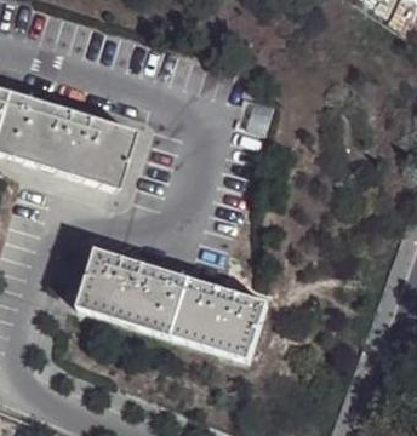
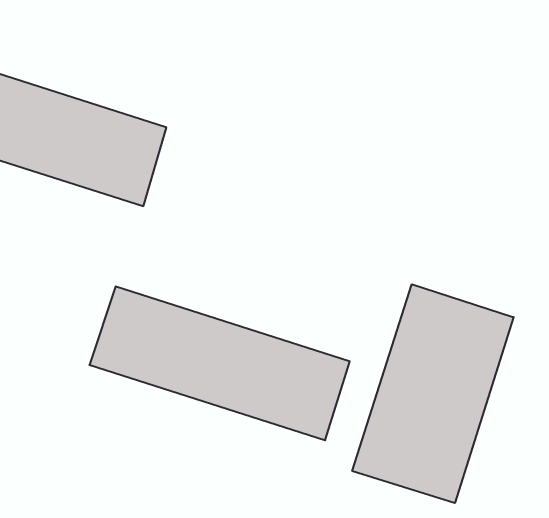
building: none -> [352,284,514,503]

